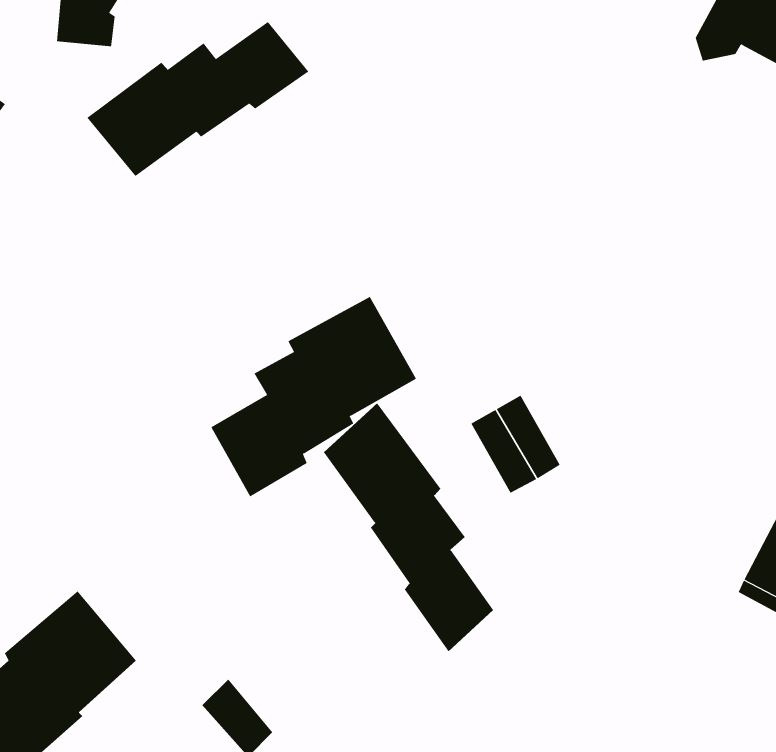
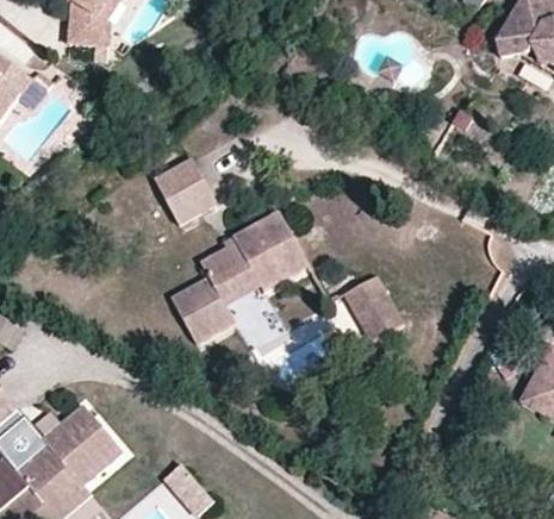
building: [87,21,309,177] -> none
building: none -> [154,156,217,224]
building: [323,402,494,652] -> none

